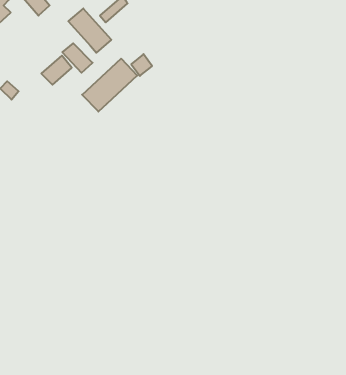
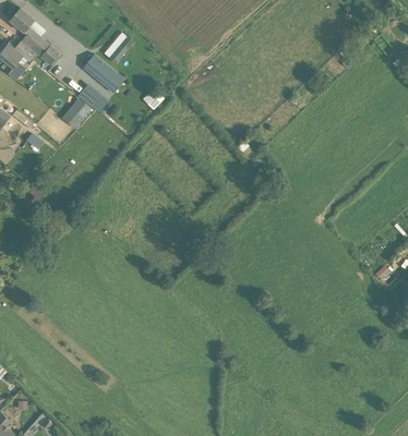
building: [82,59,137,112] -> none

